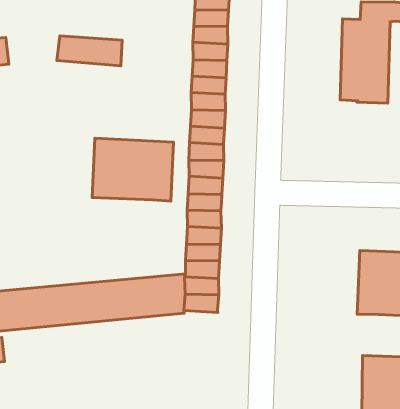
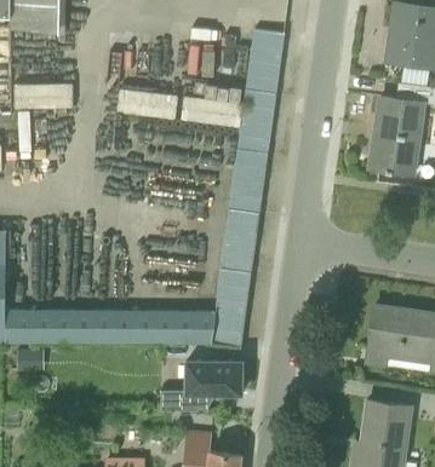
building: [92,138,174,201] -> none
building: none -> [161,361,245,410]

